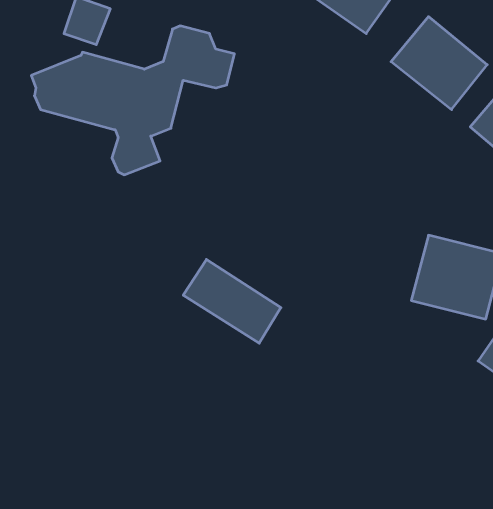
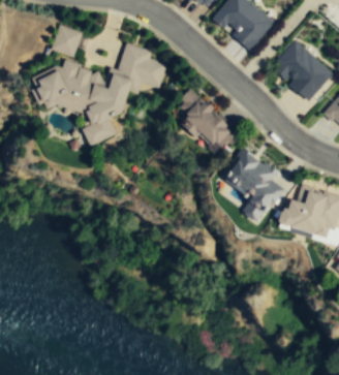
building: none -> [226,152,279,213]
building: [183,259,281,343] -> [172,94,237,150]

